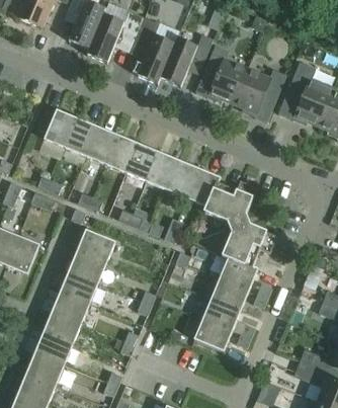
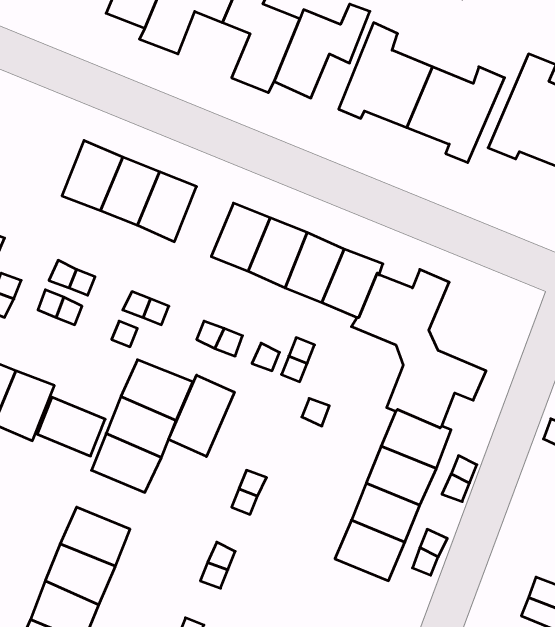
building: [105,135,138,173] -> none
building: none -> [169,375,234,457]
building: [52,291,89,323] -> [37,397,105,456]

